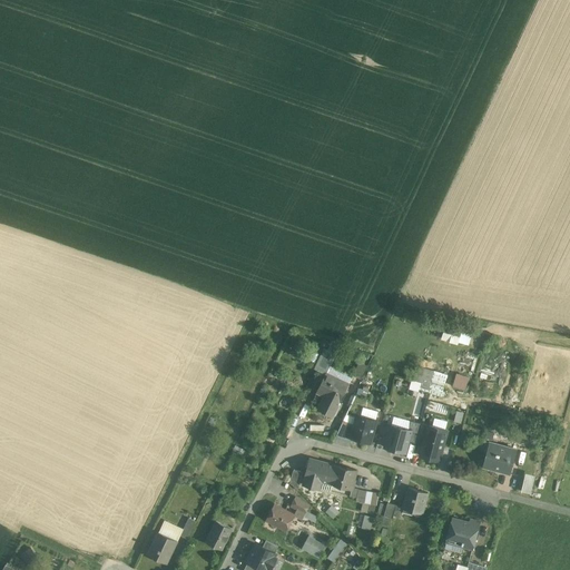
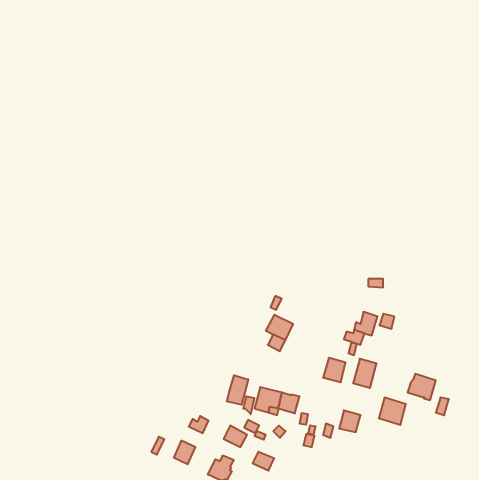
building: [350,415,375,443] -> none
building: none -> [227,375,248,405]
building: [445,517,478,549] -> [379,398,406,425]
building: [148,532,176,563] -> none

